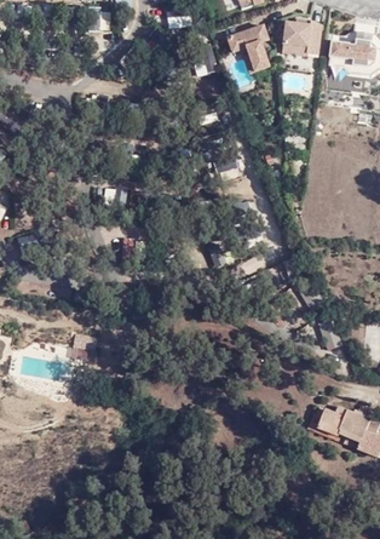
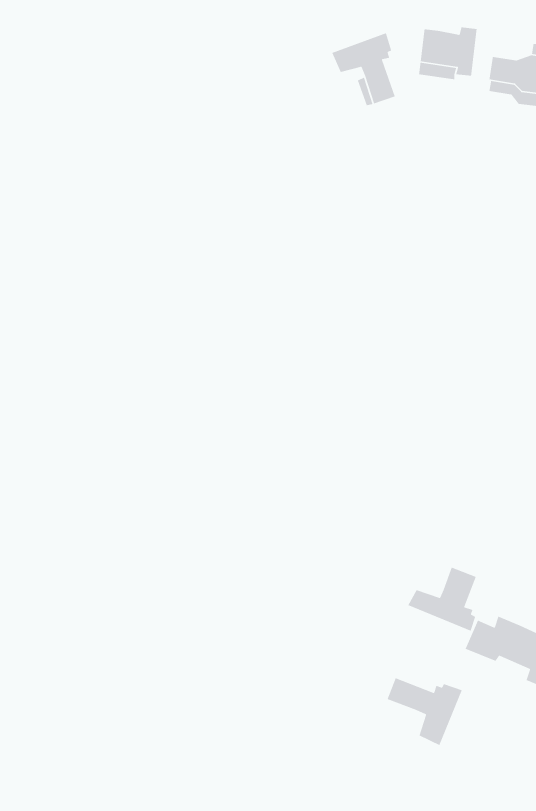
building: none -> [407,567,477,632]
building: none -> [387,677,463,746]

